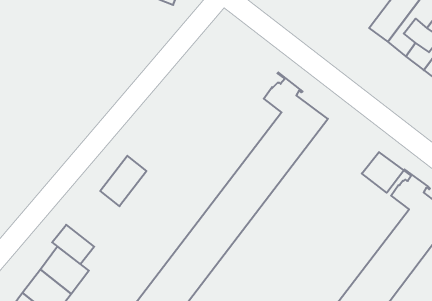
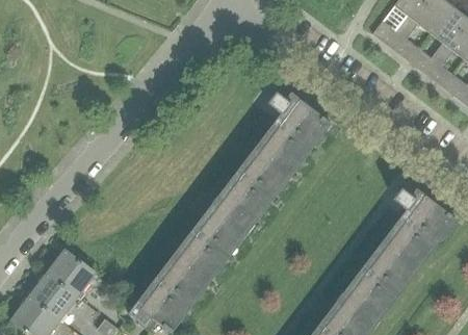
building: [362,152,404,193] -> none
building: [100,156,146,206] -> none
building: [52,225,94,264] -> none

